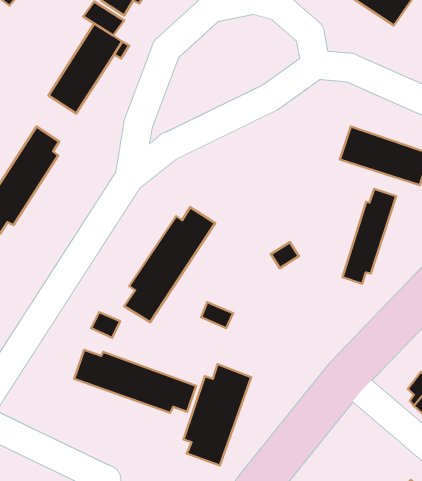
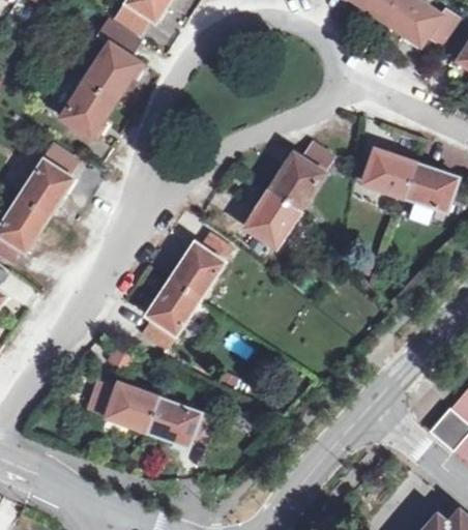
building: none -> [246,144,334,260]
building: [343,189,396,284] -> none
building: [183,364,251,466] -> none

